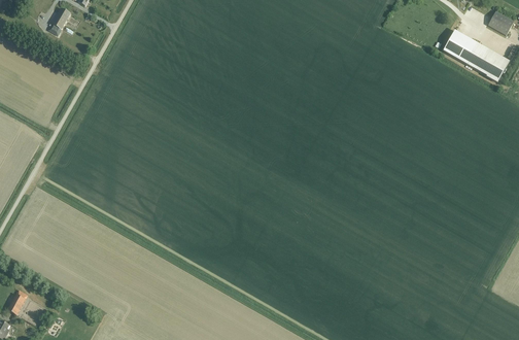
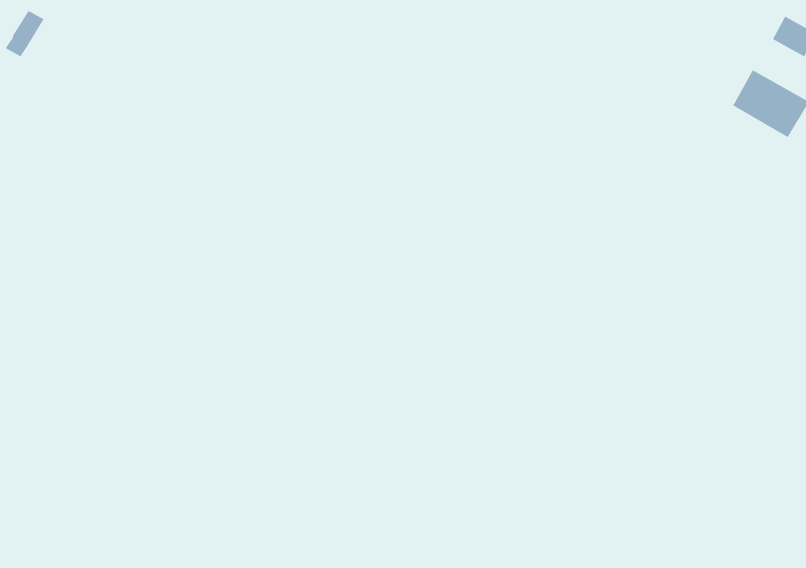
building: [442,29,476,62] -> none

